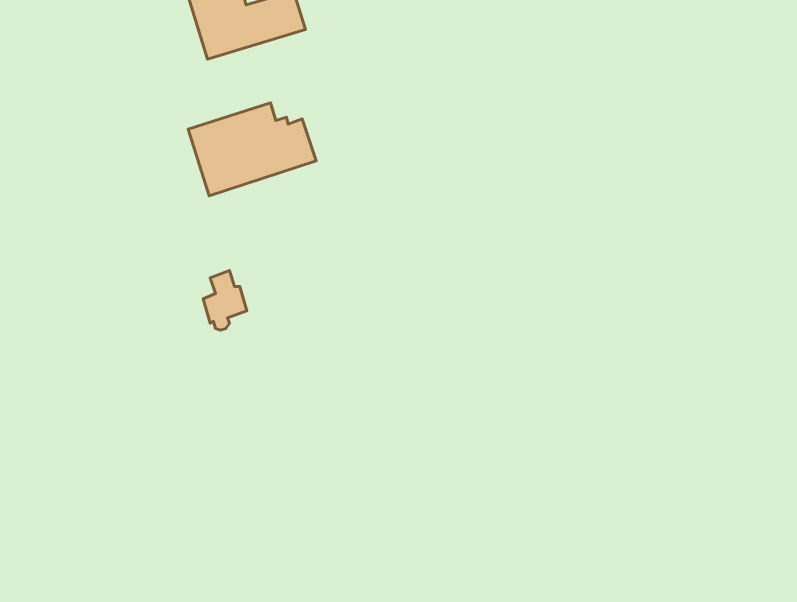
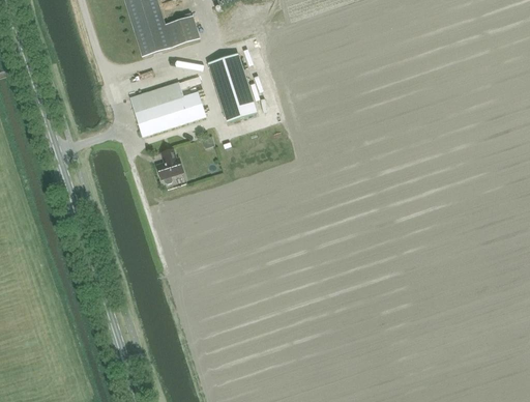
building: none -> [208,53,257,122]
building: [203,271,247,330] -> [157,148,183,183]

